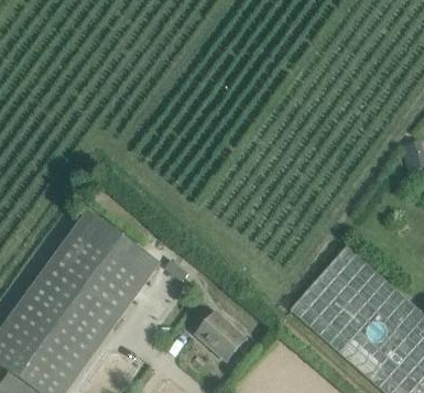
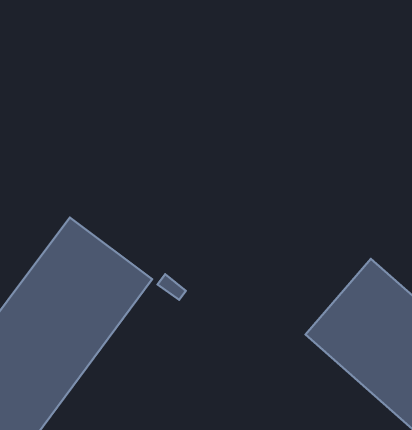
building: [197,316,247,363] -> none

